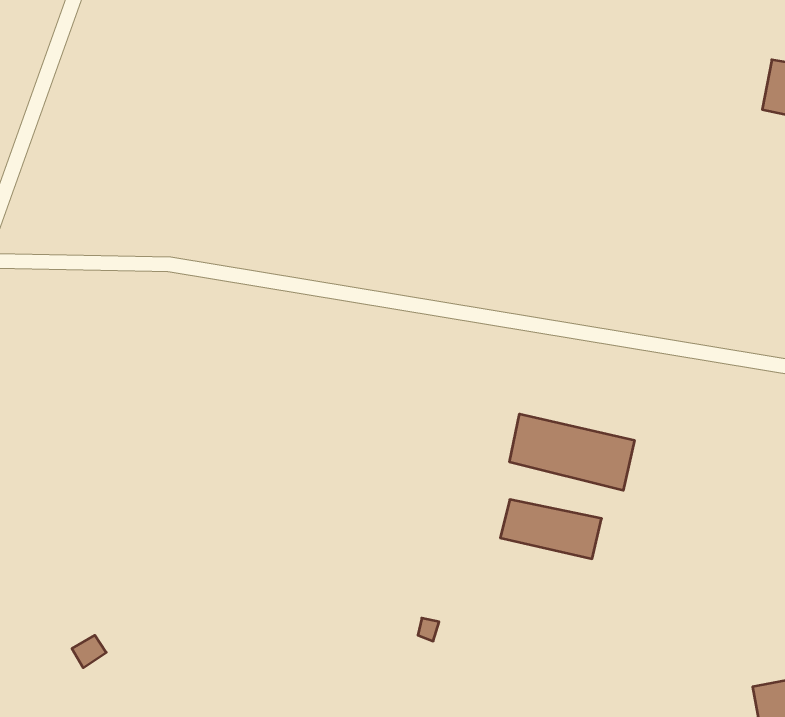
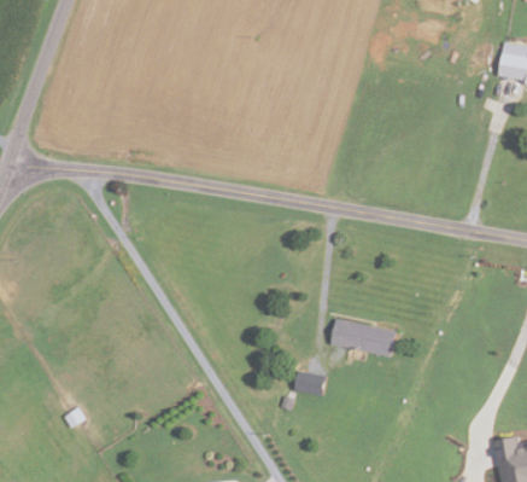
building: [510,414,634,490] -> none
building: none -> [294,370,326,394]

